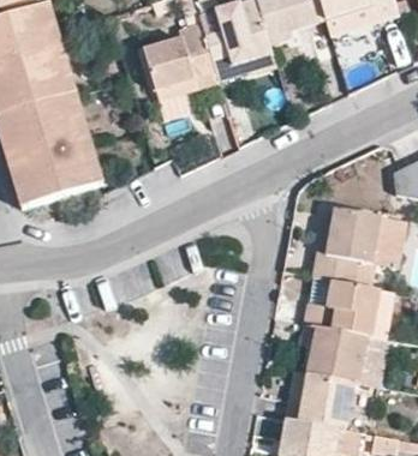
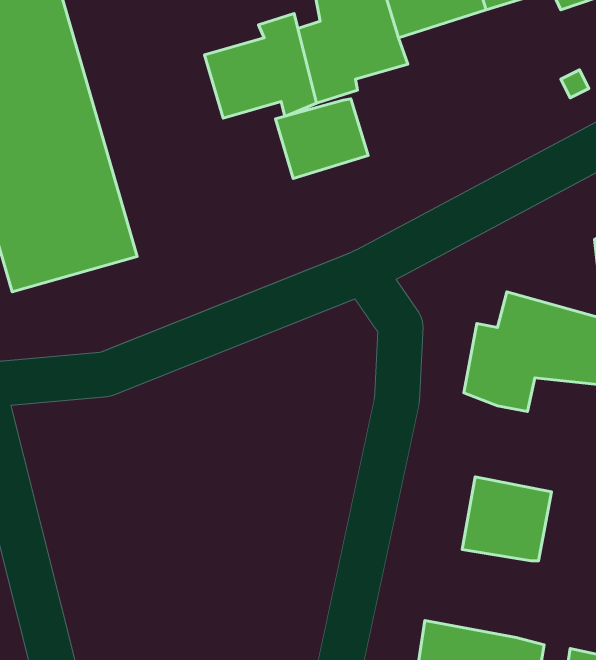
building: none -> [276,99,368,179]
building: [305,276,378,331] -> none
building: [286,368,354,425] -> none

